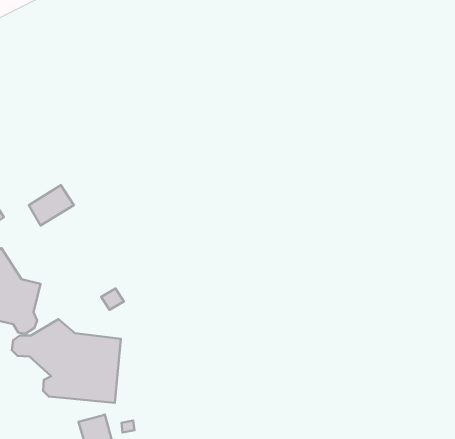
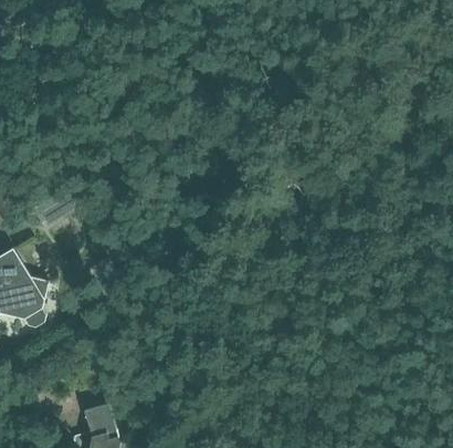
building: [12,319,121,403] -> none

